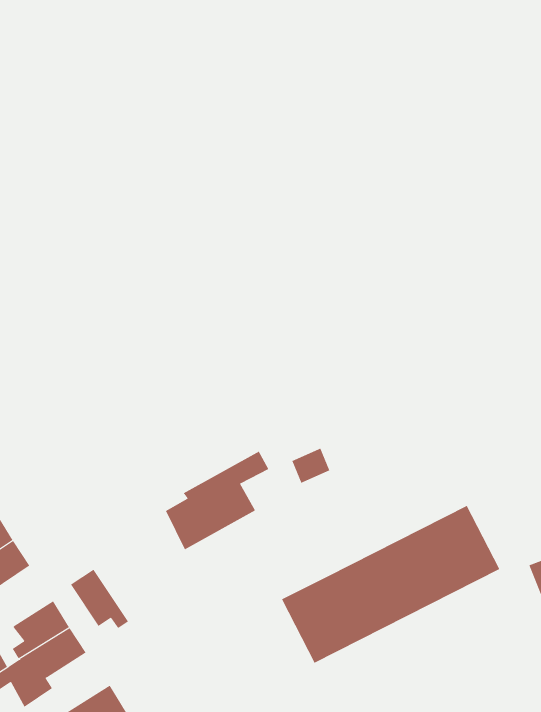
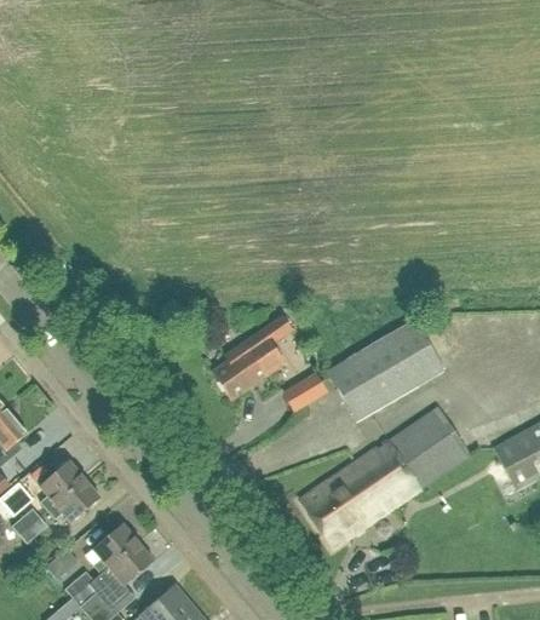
building: none -> [327,318,444,421]
building: [165,451,269,550] -> [212,314,289,400]
building: [70,569,129,629] -> none

